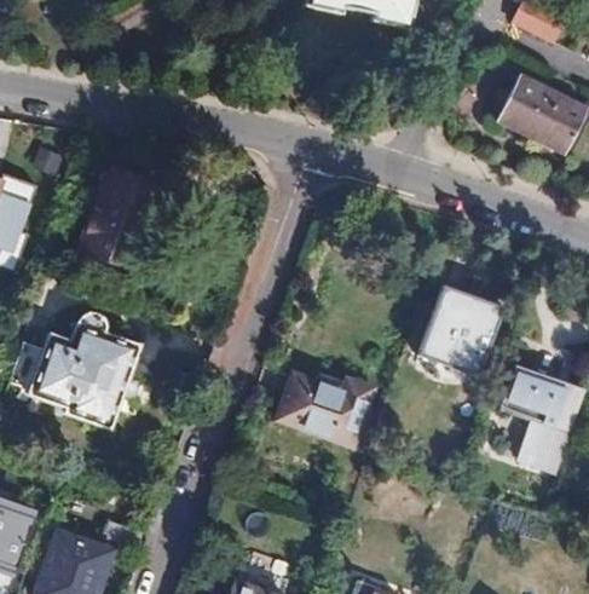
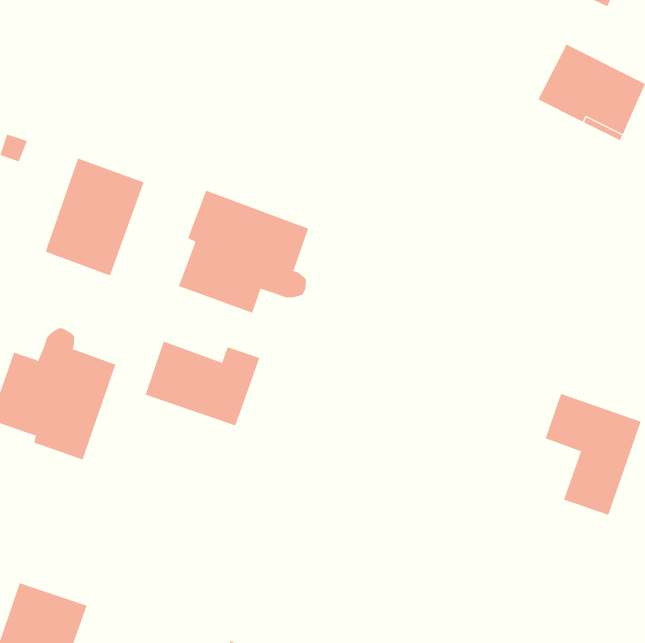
building: none -> [178,190,309,313]
building: [417,286,503,377] -> none
building: [276,373,374,445] -> [145,341,260,426]

